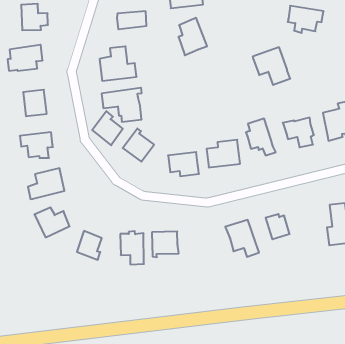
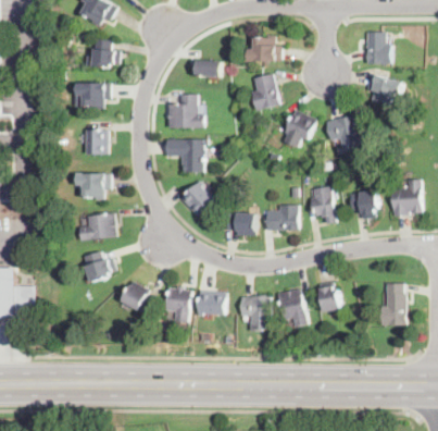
building: none -> [283,109,315,147]
building: [92,111,123,145] -> none
building: none -> [240,296,271,328]

